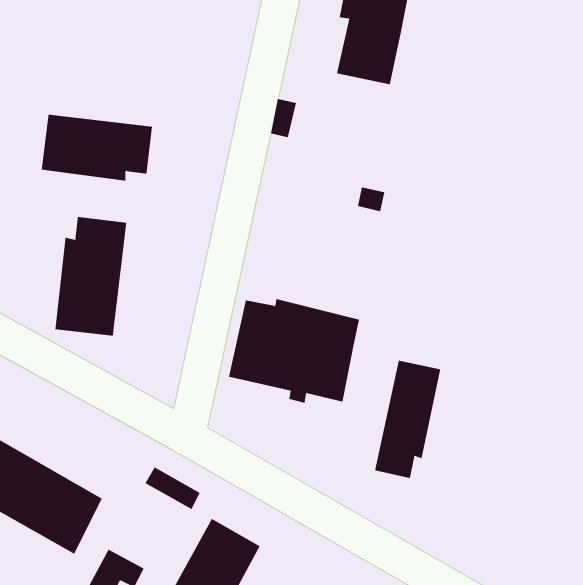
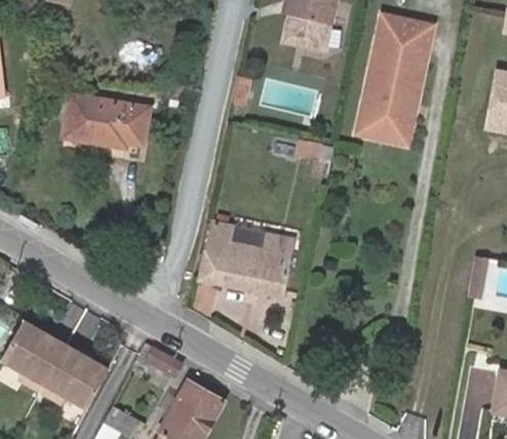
building: none -> [357,19,434,147]
building: [55,216,127,336] -> none
building: [374,360,441,479] -> none

